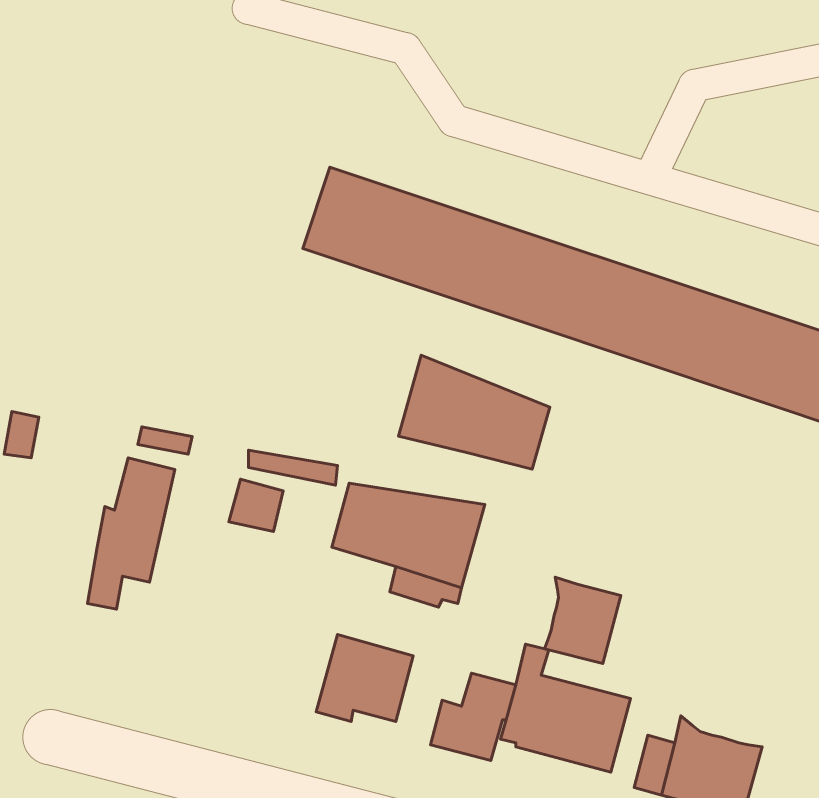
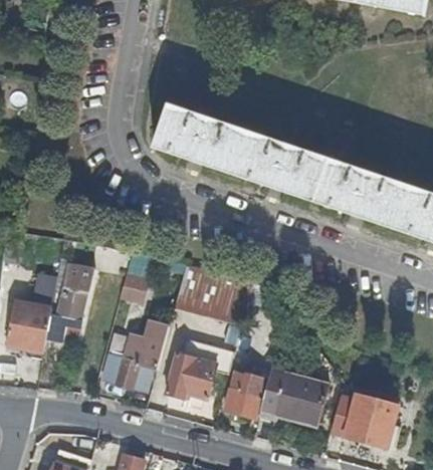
building: [398,355,550,469] -> none
building: none -> [7,299,52,348]
building: none -> [99,316,170,390]
building: [544,577,621,663] -> none

